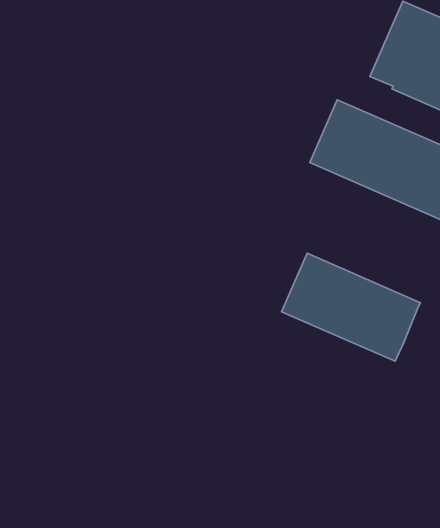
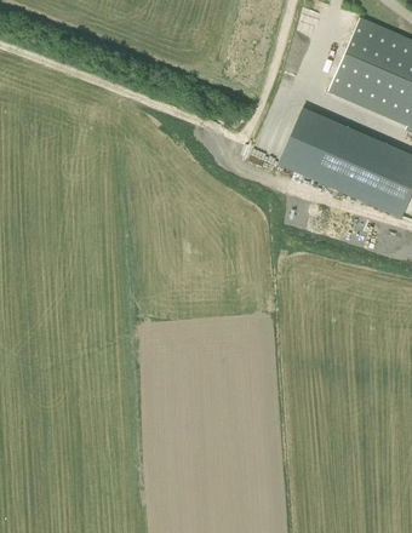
building: [282,253,421,361] -> none

